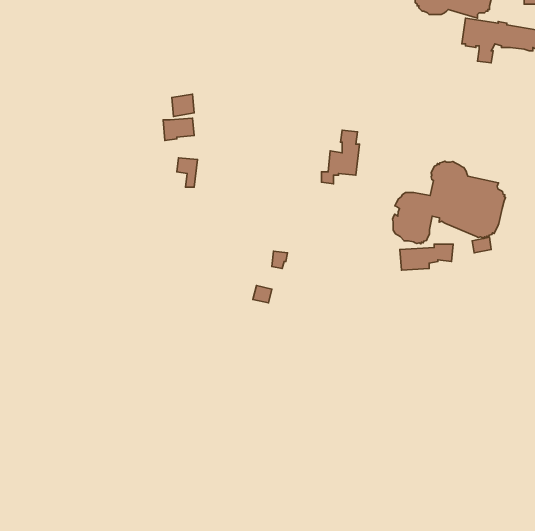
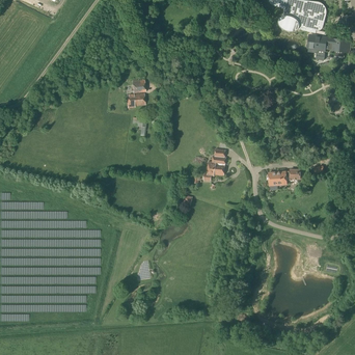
building: [321,130,359,184] -> [203,148,226,181]
building: [392,161,506,244] -> none

